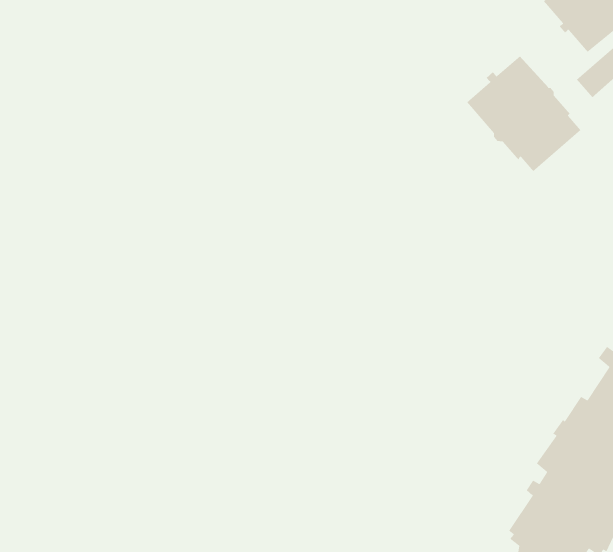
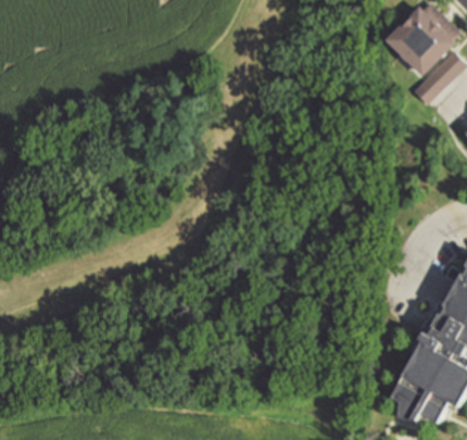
building: [466,55,582,172] -> none

